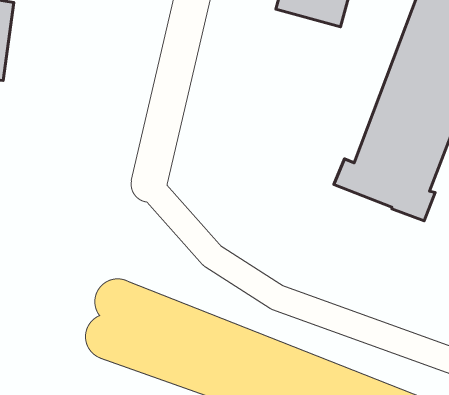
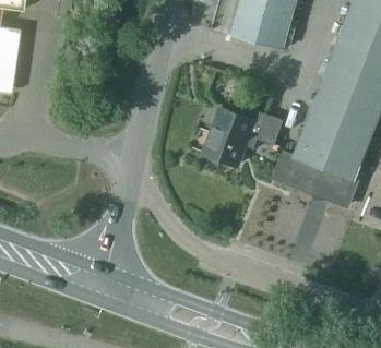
building: none -> [205,108,283,164]

